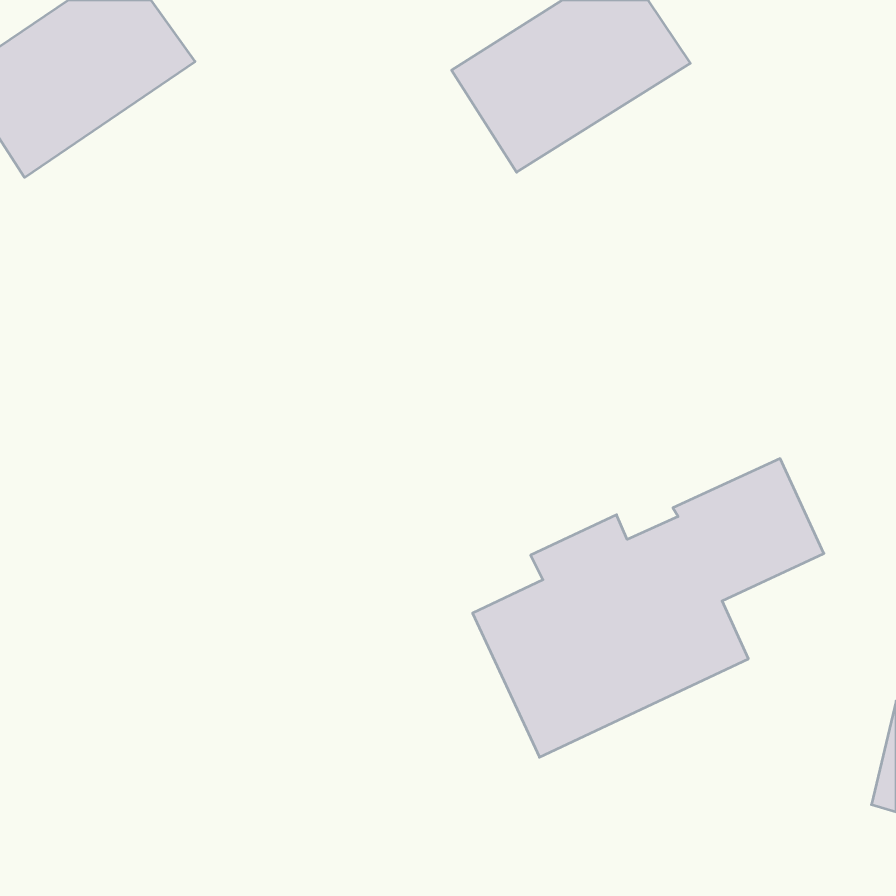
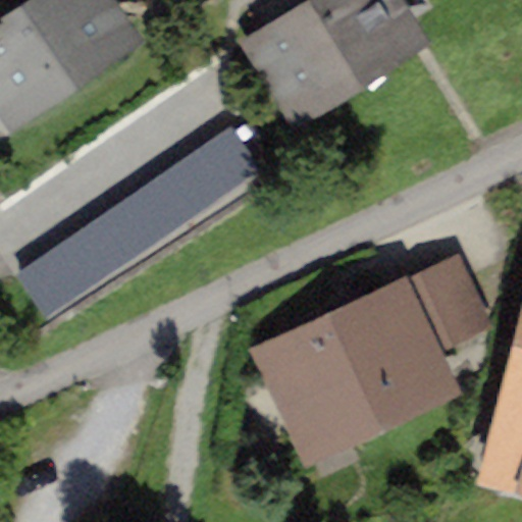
building: none -> [17,130,258,318]

